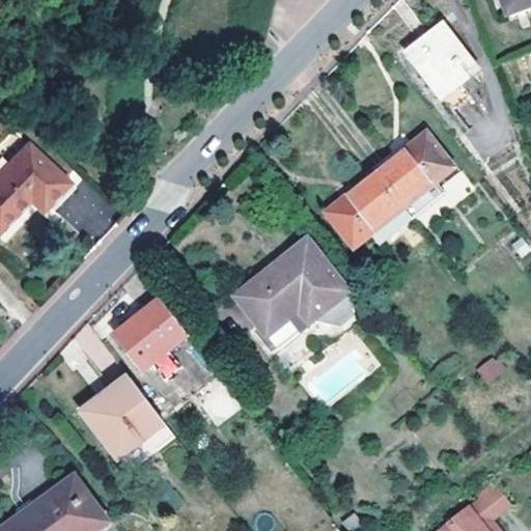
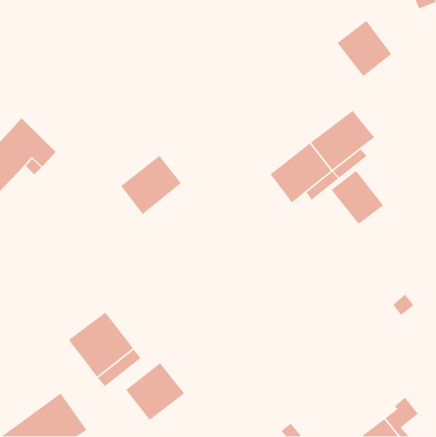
building: none -> [330,170,384,225]
building: [233,237,350,347] -> none
building: [112,299,187,371] -> [120,155,182,215]
building: none -> [125,362,185,421]

